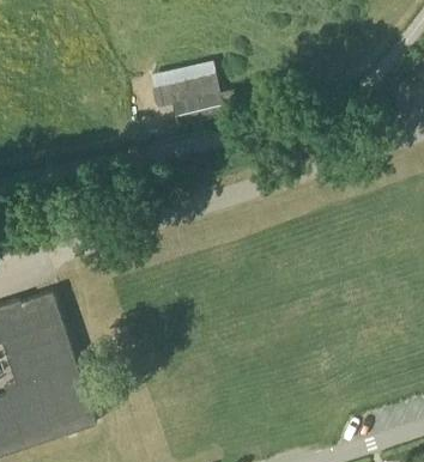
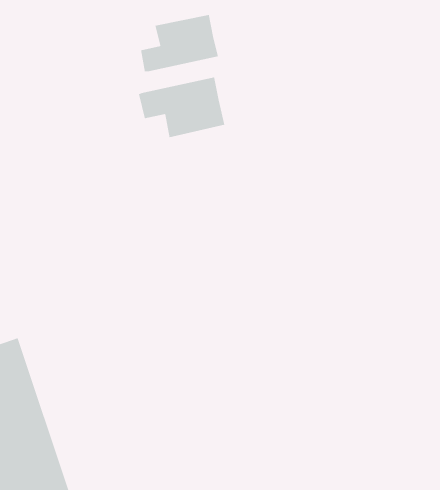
building: none -> [140,14,219,72]

